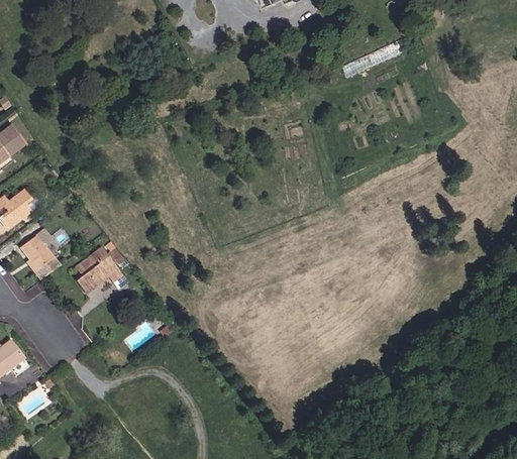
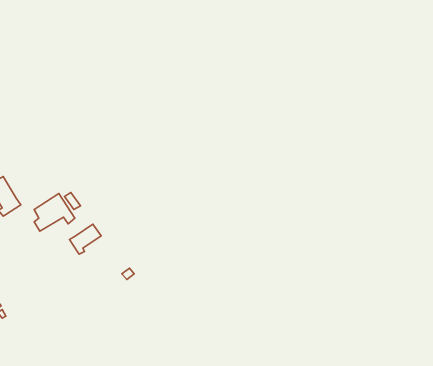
building: none -> [69,224,101,254]

